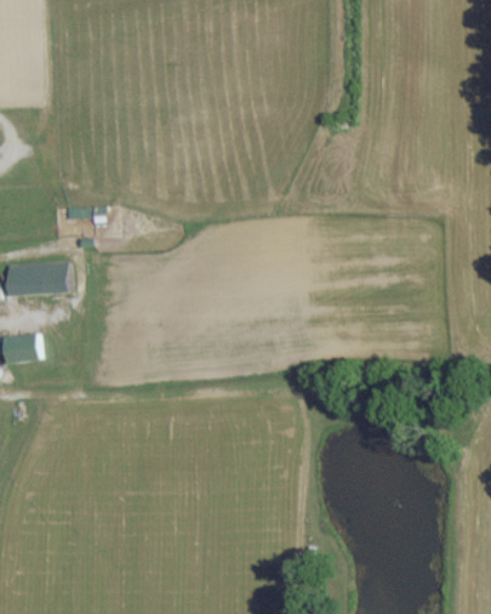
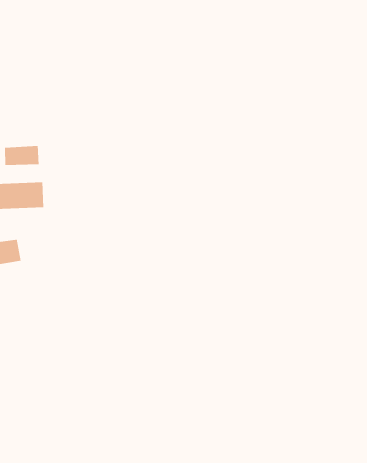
building: none -> [4,145,39,166]

